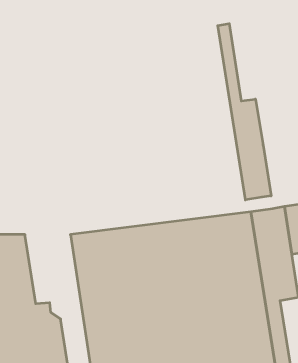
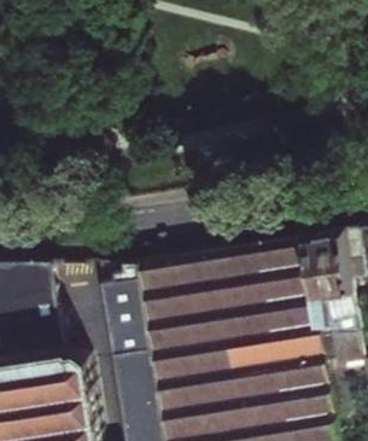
building: [218,24,271,200] -> none

